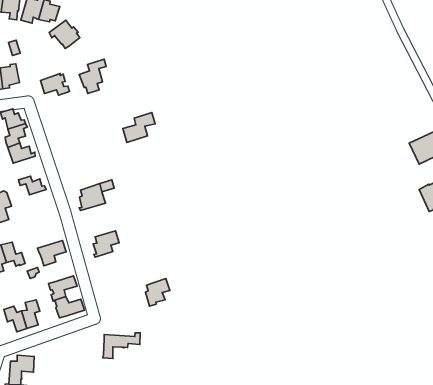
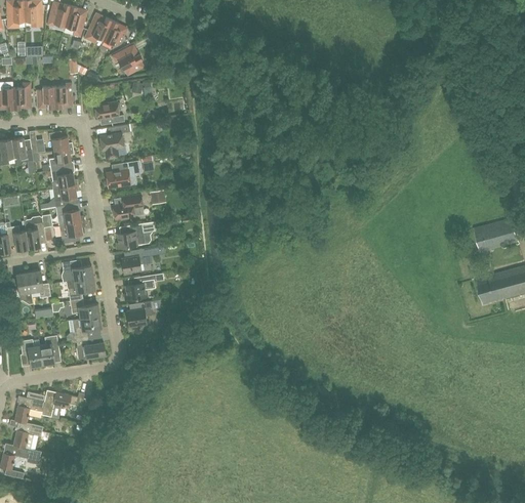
building: [79,59,106,94] -> [99,123,129,157]
building: [123,113,155,143] -> [106,160,140,187]
building: none -> [53,183,79,206]
building: none -> [112,194,143,218]
building: none -> [59,220,85,243]
building: none -> [121,245,165,275]
building: none -> [62,259,93,281]
building: none -> [70,298,99,319]
building: [146,278,170,306] -> [127,300,153,327]
building: [103,333,140,358] -> [41,389,84,416]

